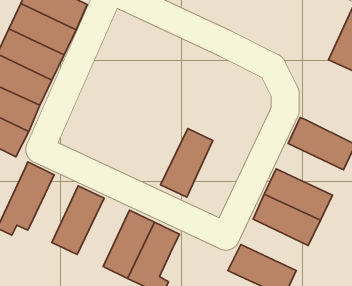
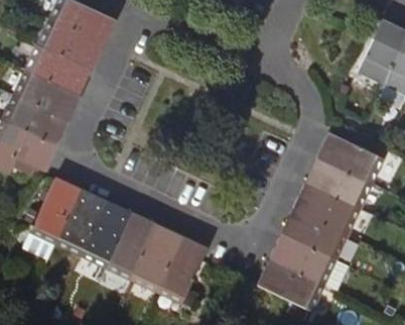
building: [161,128,213,197] -> [105,212,157,281]
building: none -> [304,157,372,209]
building: none -> [55,189,106,256]
building: none -> [269,233,349,290]

